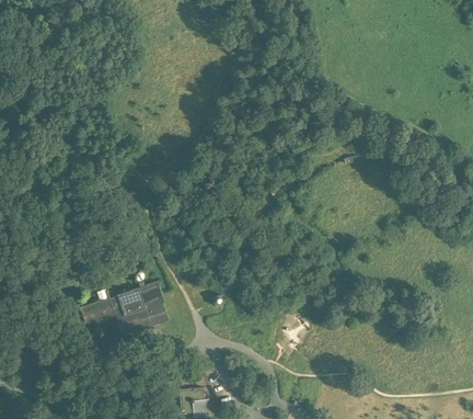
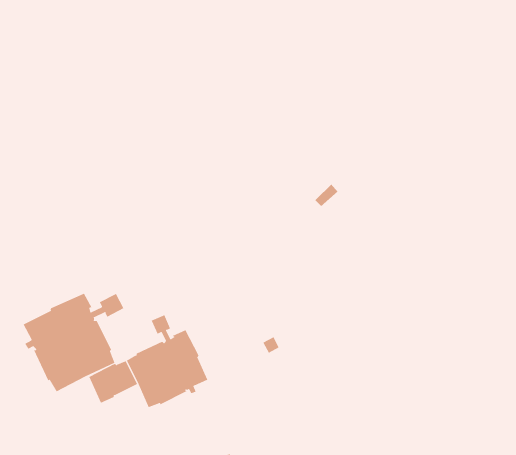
building: none -> [23,293,124,392]

